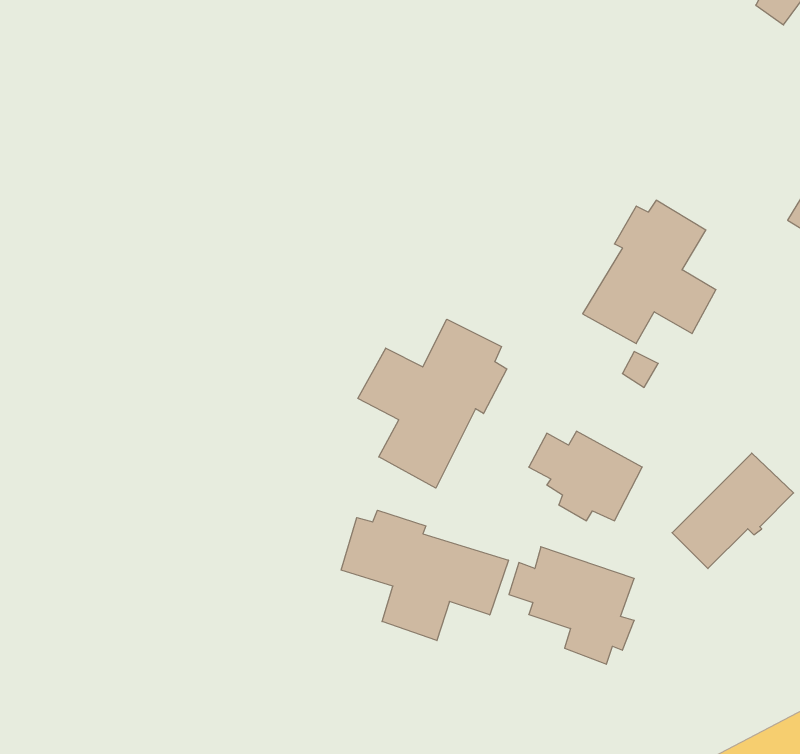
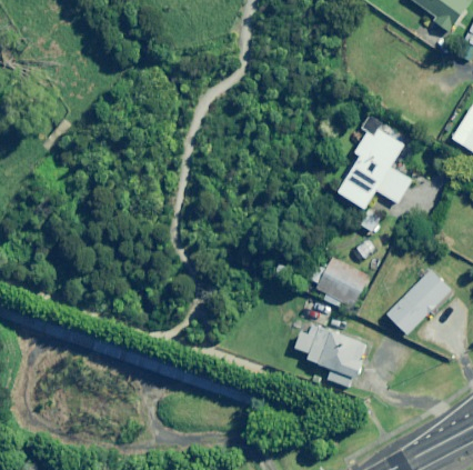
building: [358,319,507,488] -> none
building: [341,510,508,641] -> none

